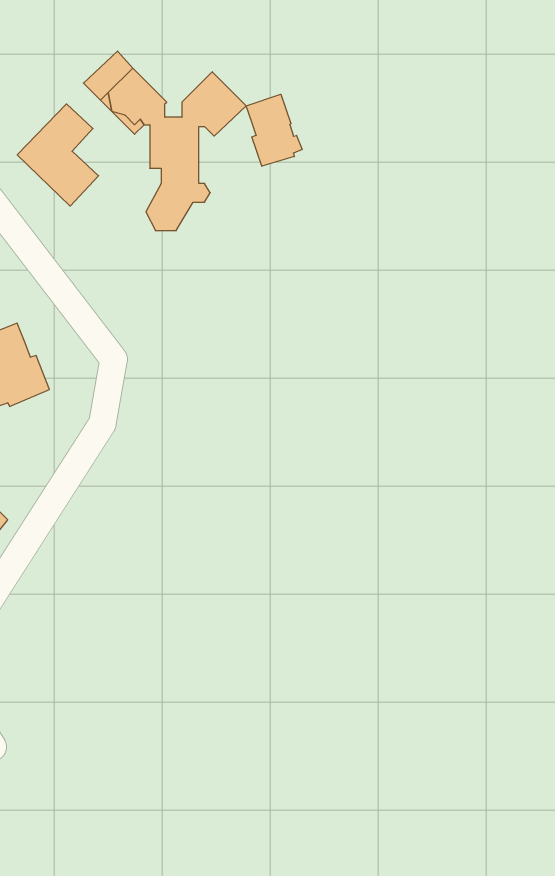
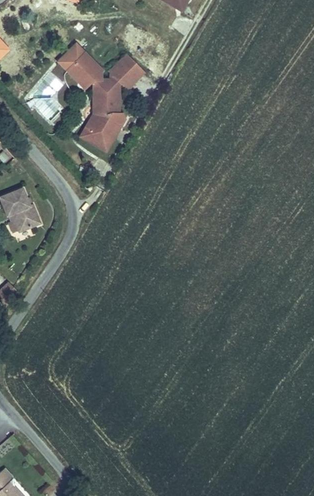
building: [246,94,302,166] -> none
building: none -> [80,106,122,152]

